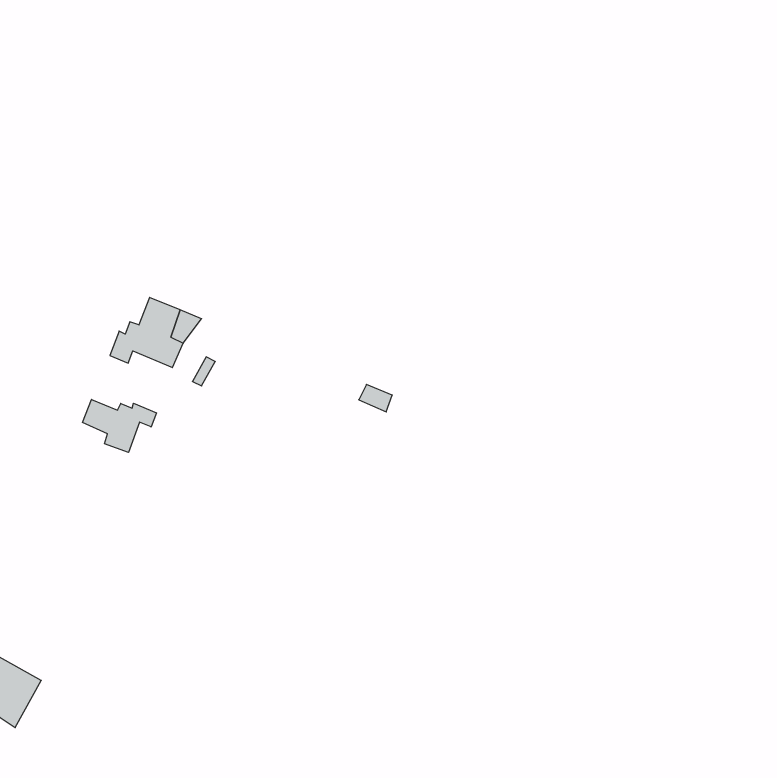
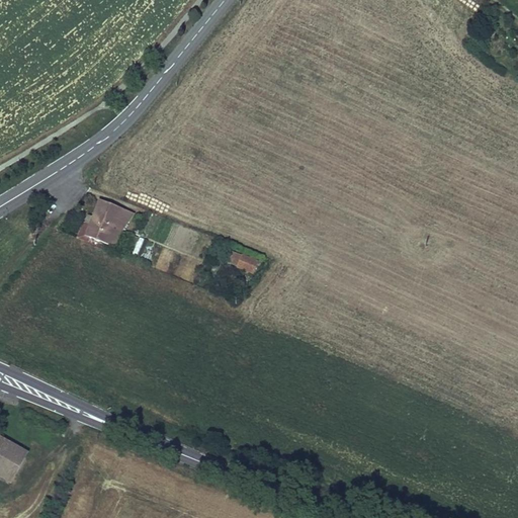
building: [82,399,156,452] -> none

